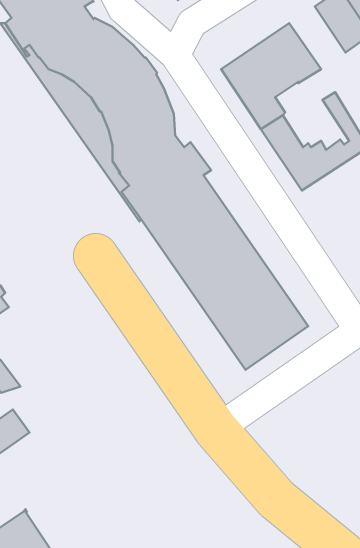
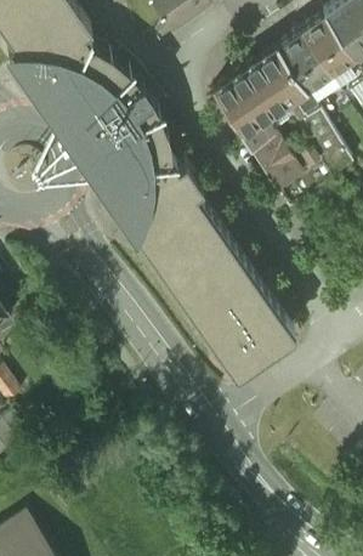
building: none -> [276,35,329,95]

